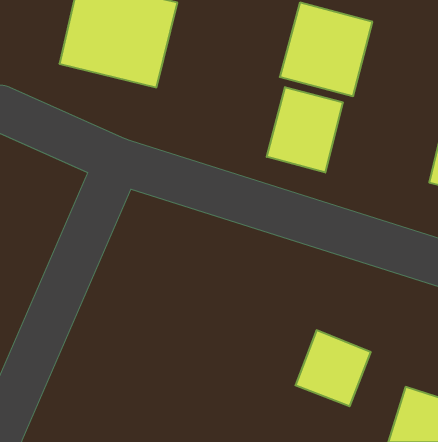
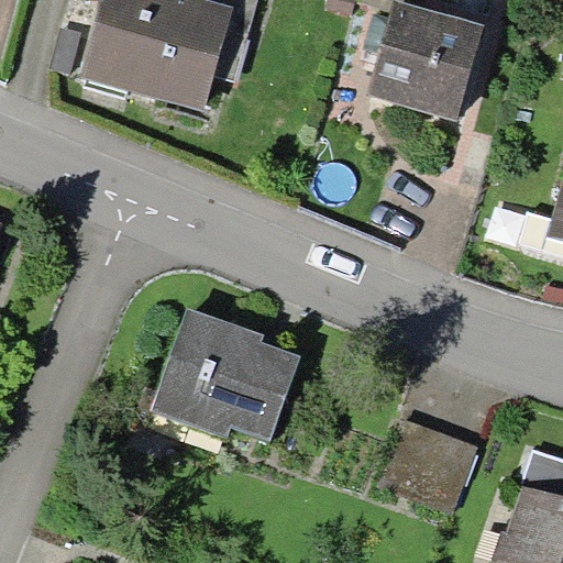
building: [267,87,343,173] -> none
building: none -> [148,307,303,448]

